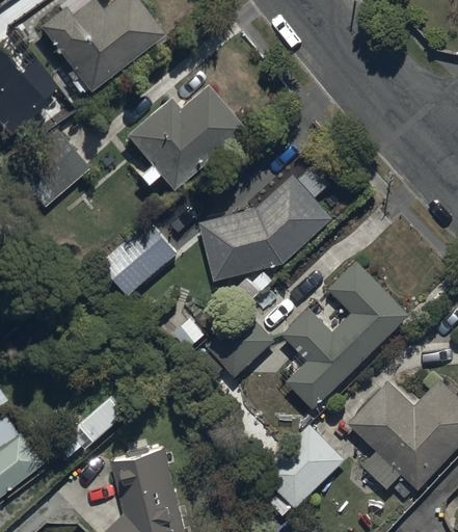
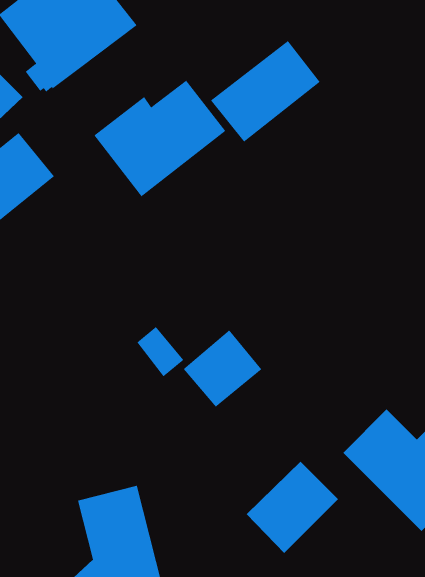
building: none -> [210,40,321,142]
building: [201,176,334,282] -> none
building: [100,218,180,295] -> none
building: [286,259,411,406] -> none

